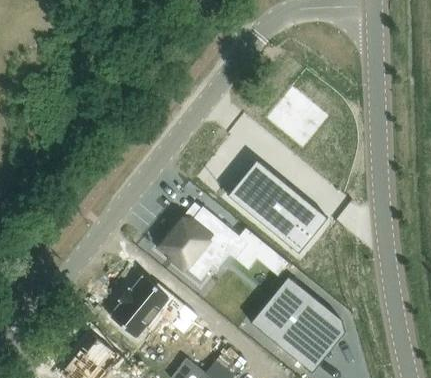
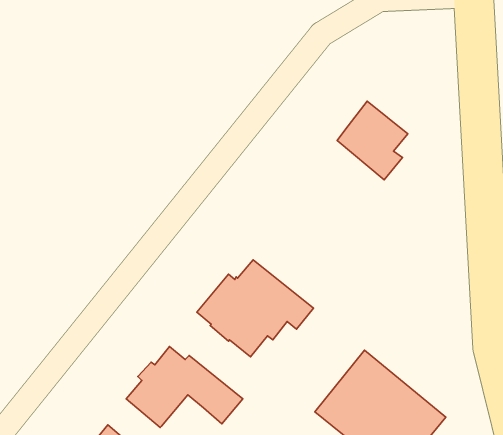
building: [227,159,328,253] -> none

